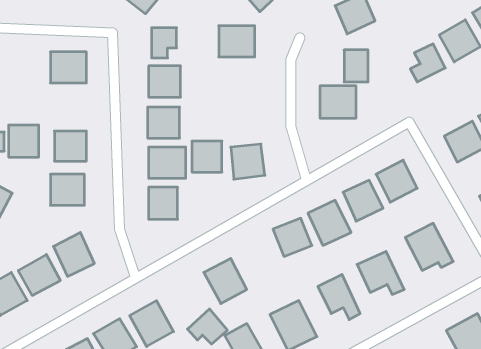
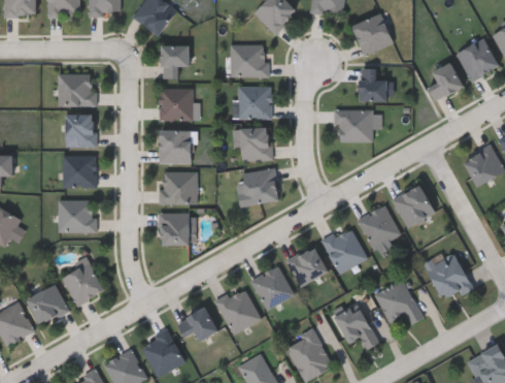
building: none -> [239,87,272,119]
building: [9,125,39,157] -> [65,115,96,148]
building: [192,141,222,172] -> [241,129,272,161]
building: none -> [251,265,295,310]
building: [187,309,227,344] -> [177,306,218,342]

